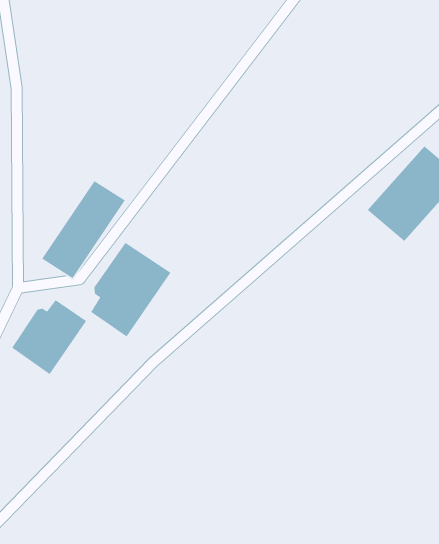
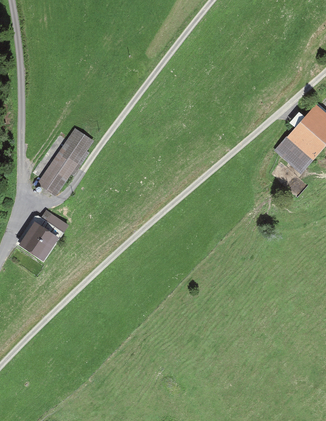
building: [90,242,171,337] -> none

